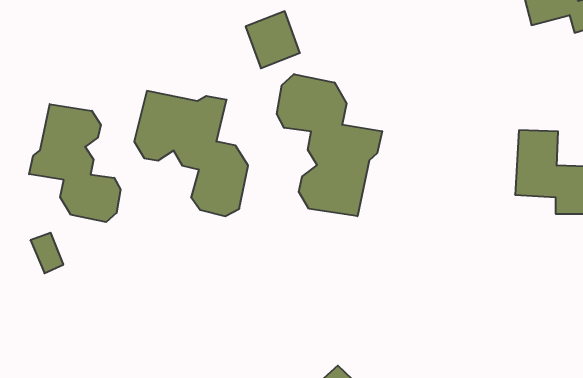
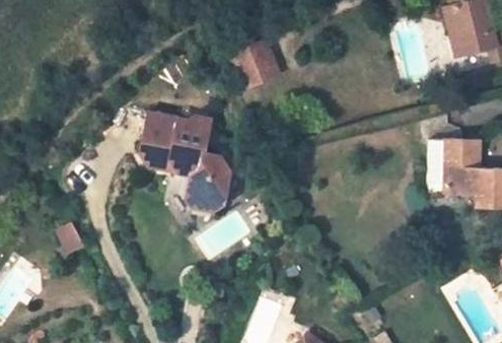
building: [277,74,382,216] -> none
building: [29,104,120,222] -> none

